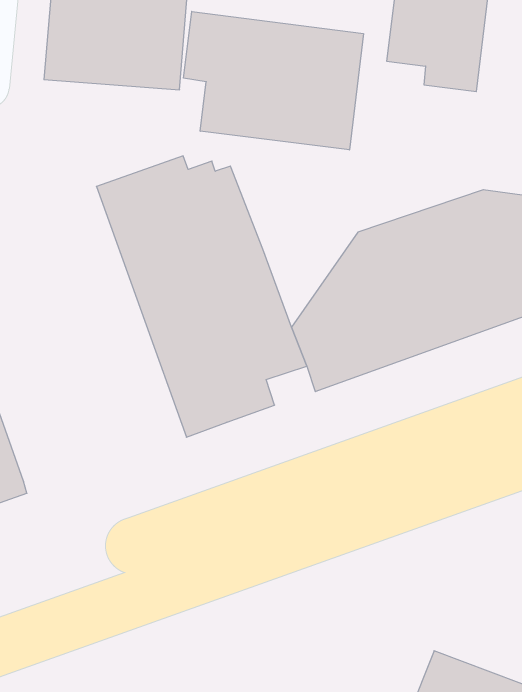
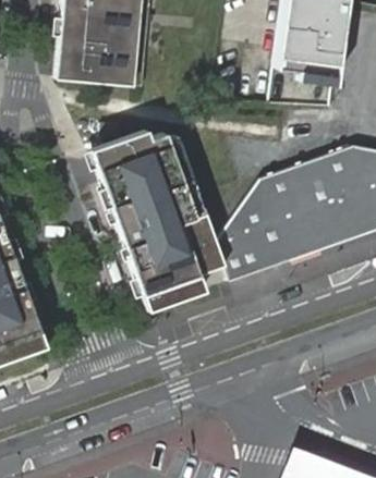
building: [184,11,363,150] -> none

